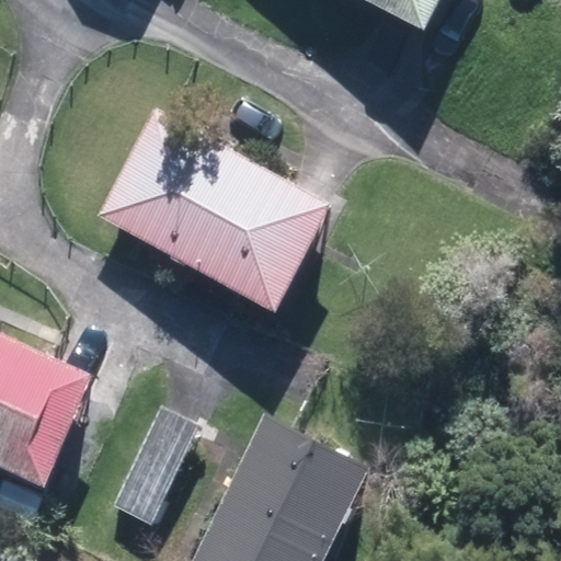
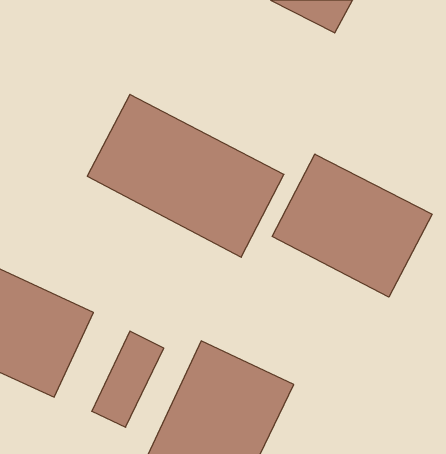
building: none -> [272,154,432,297]

